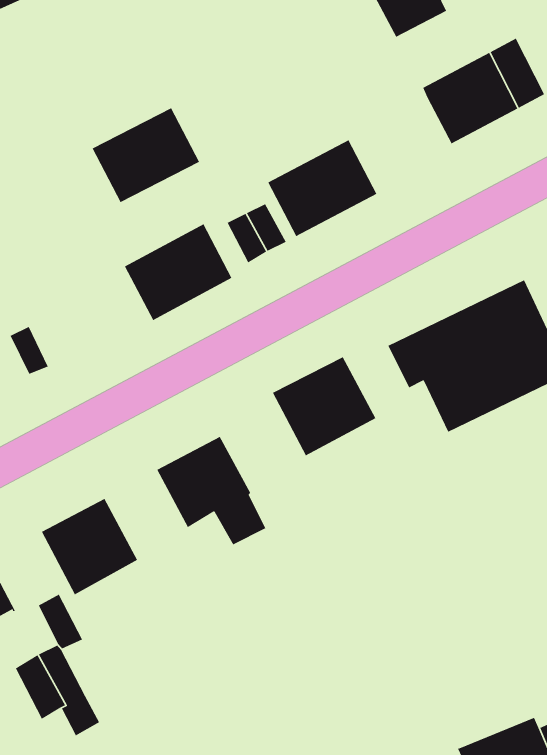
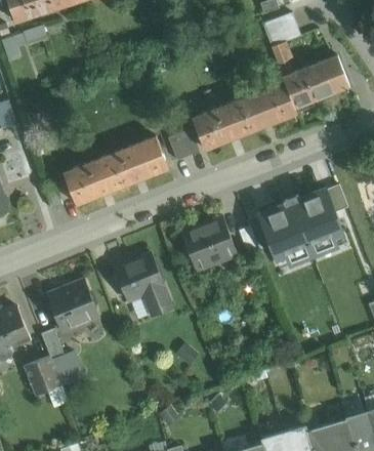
building: none -> [240,82,297,131]
building: [91,107,200,203] -> [64,155,122,204]
building: none -> [52,352,85,386]

